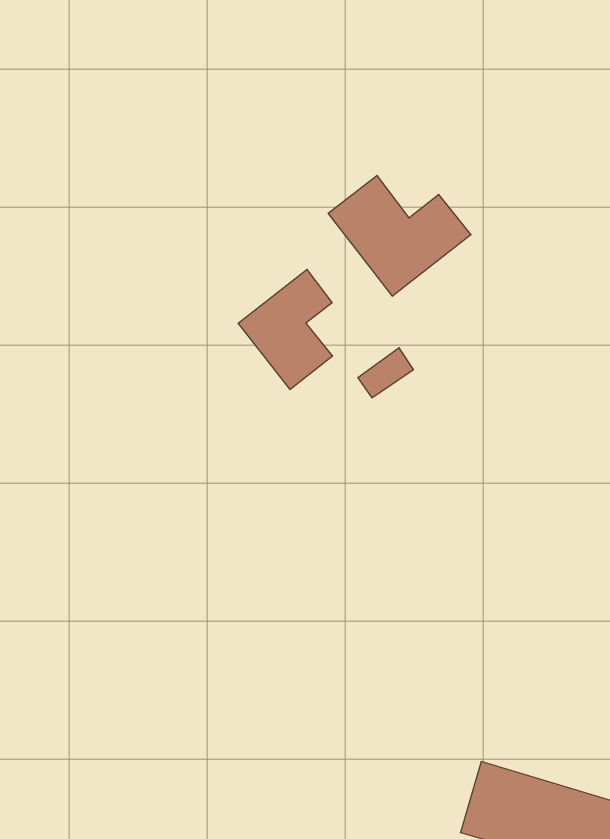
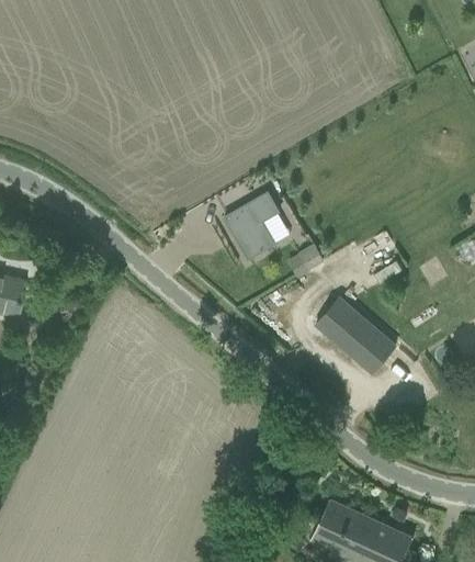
building: [328,175,471,296] -> none
building: none -> [317,297,397,373]

